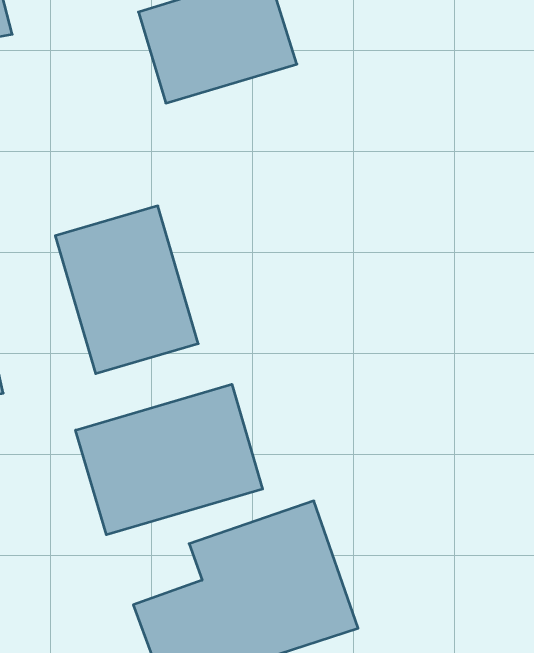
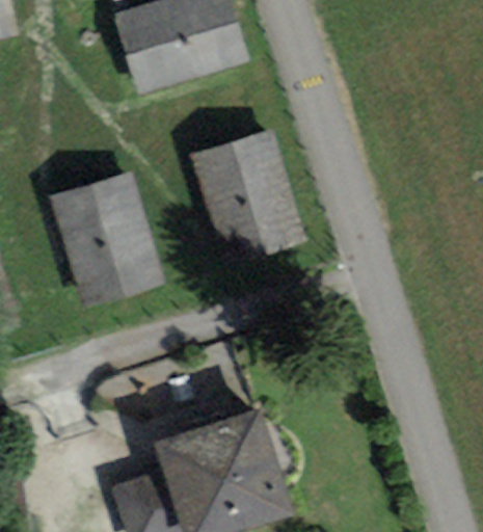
building: none -> [191,130,304,262]
building: [76,384,263,535] -> none

